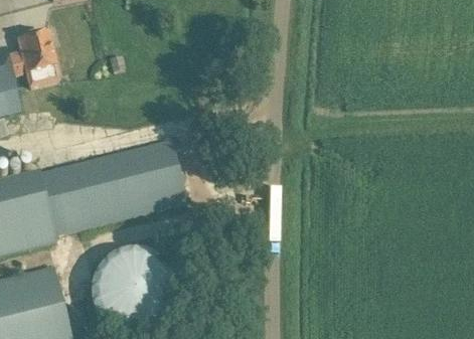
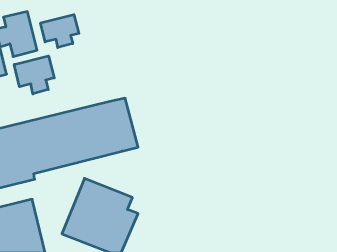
building: none -> [41,15,79,48]
building: none -> [14,56,54,94]

